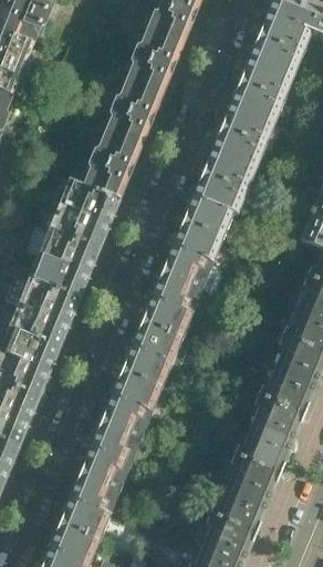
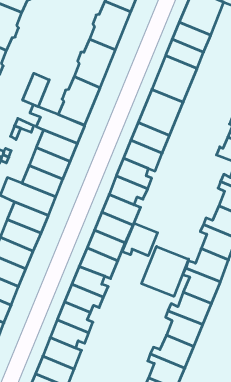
building: none -> [23,73,49,107]
building: none -> [122,223,158,256]
building: none -> [142,246,189,296]

